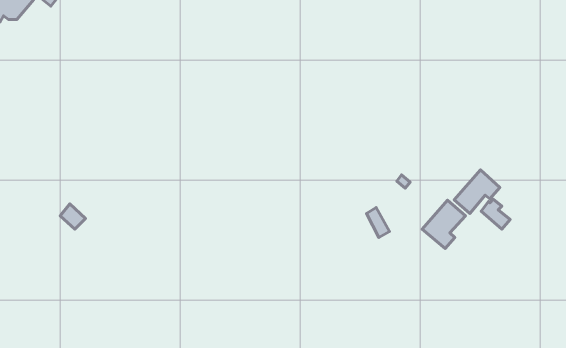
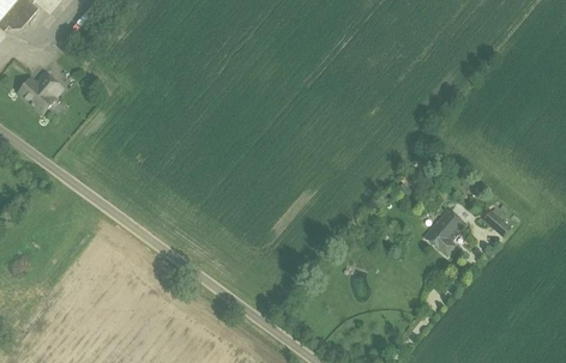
building: none -> [18,71,61,113]
building: [454,170,500,214] -> none

